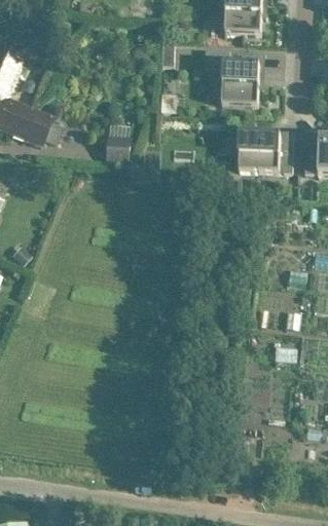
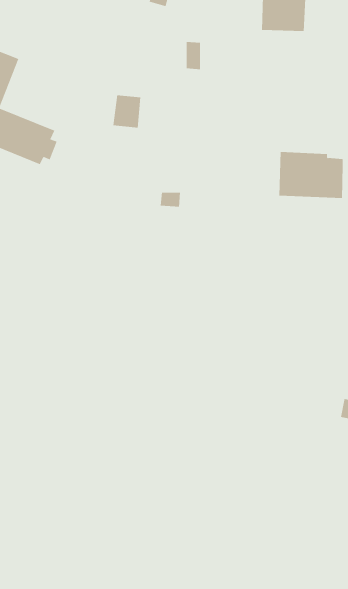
building: [204,49,263,105] -> none
building: [105,135,129,162] -> [113,95,141,128]

